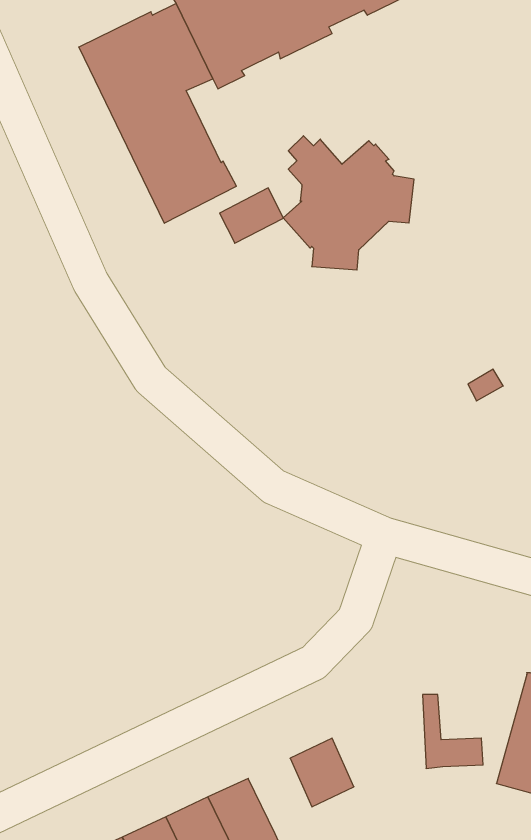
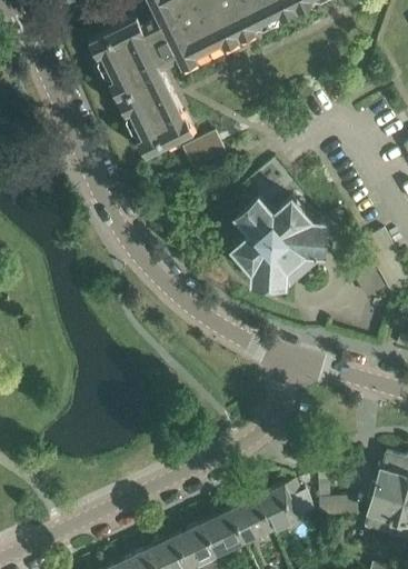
building: [283,136,414,270] -> [235,193,321,282]
building: none -> [257,480,314,529]
building: none -> [201,510,243,555]

